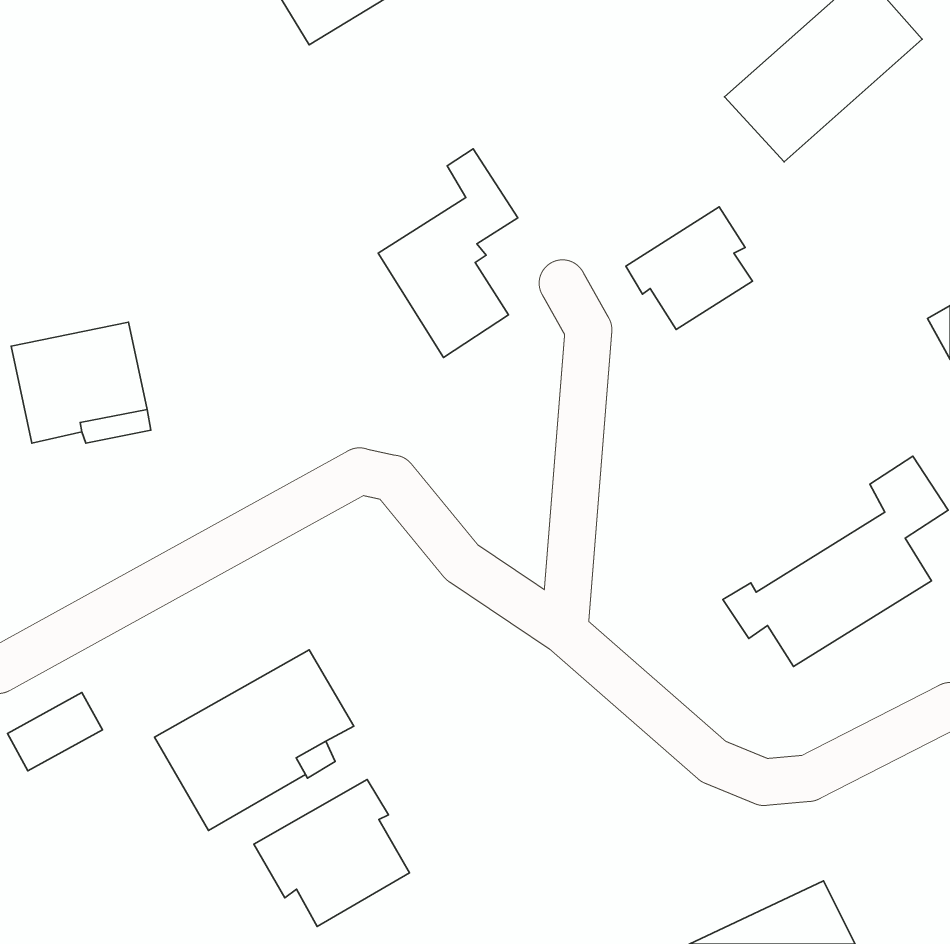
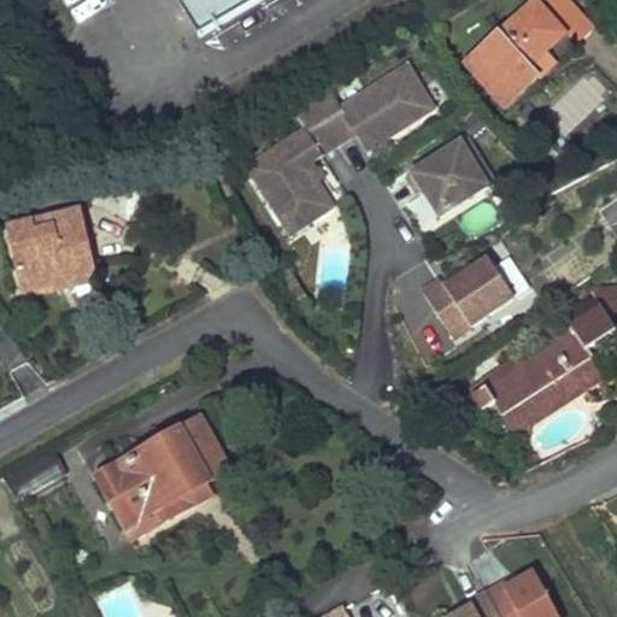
building: none -> [306,61,430,147]
building: none -> [419,259,511,336]
building: [254,779,410,926] -> none

